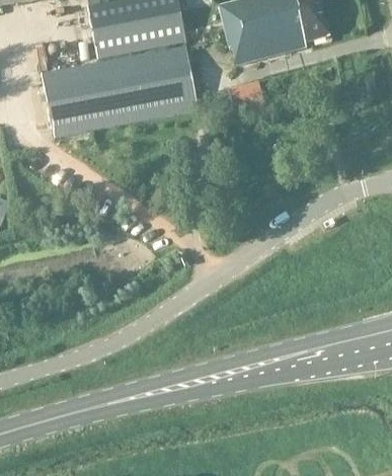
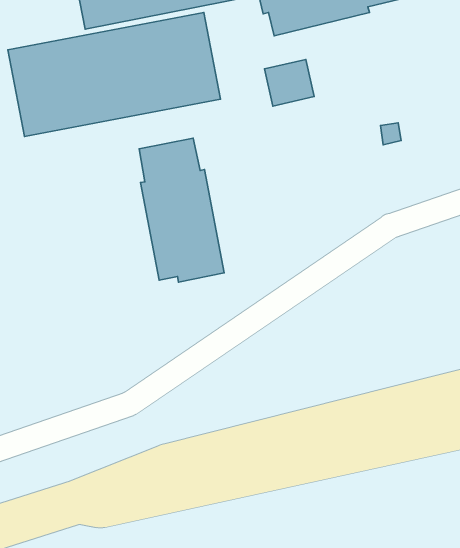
building: none -> [139,138,224,282]

